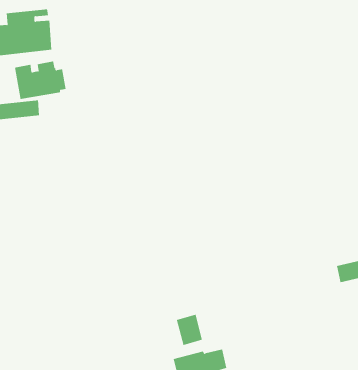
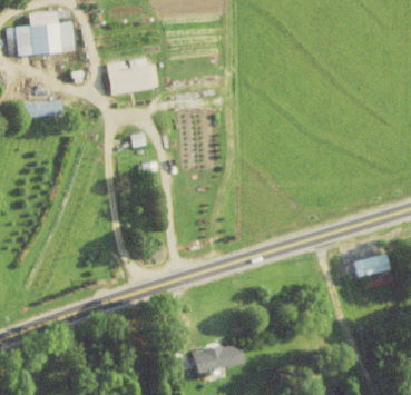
building: [14,61,66,99] -> [106,58,157,96]
building: [176,314,203,346] -> none

